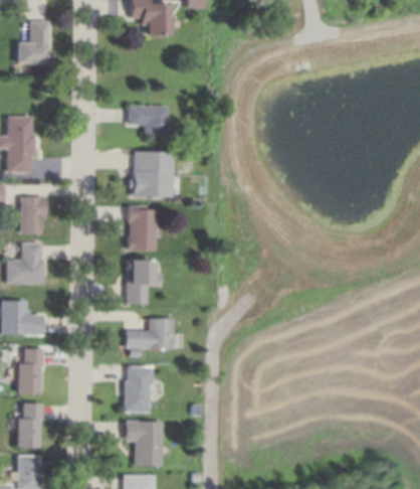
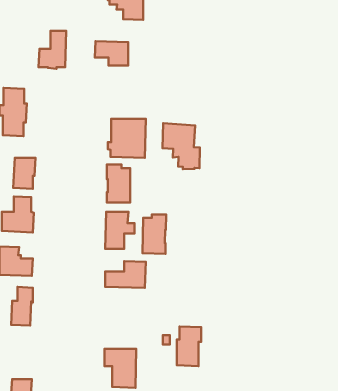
building: [17,21,49,65] -> [39,31,66,69]
building: [129,106,168,134] -> [95,41,128,65]
building: none -> [163,123,200,169]
building: none -> [142,214,166,254]
building: [125,366,153,413] -> [177,326,201,366]
building: [13,403,42,447] -> none

